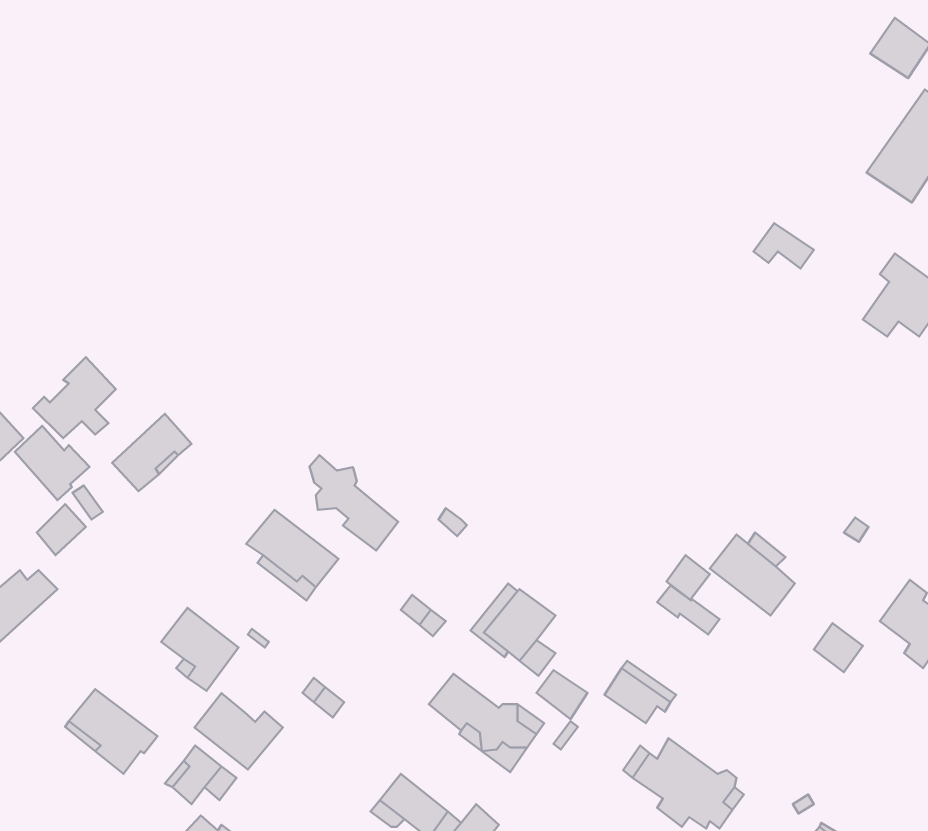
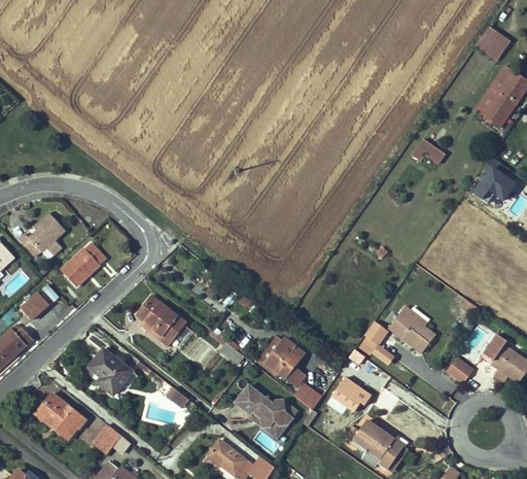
building: [15,426,89,500] -> none
building: [310,455,398,551] -> none
building: [194,693,283,770] -> none

